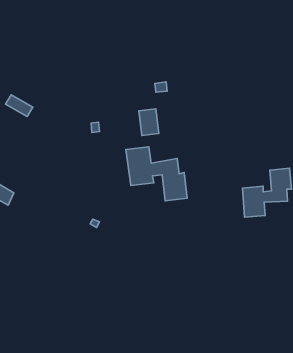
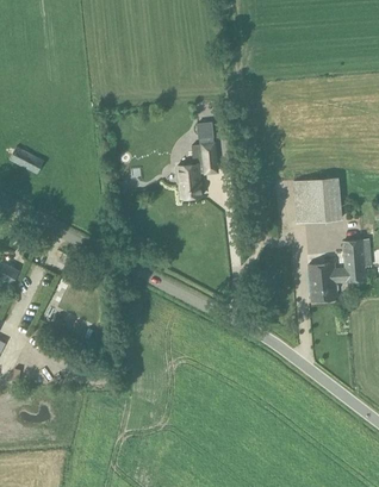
building: none -> [293,177,342,223]
building: [126,147,187,201] -> none

